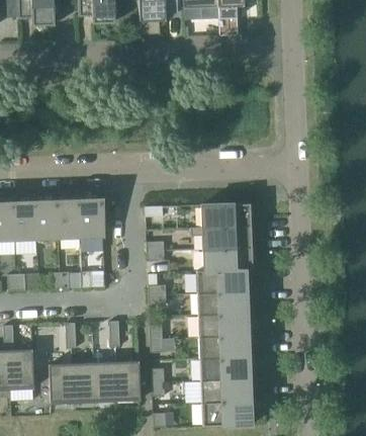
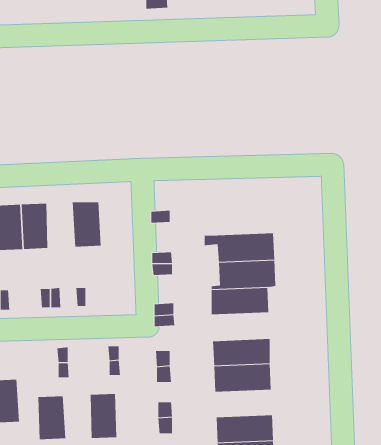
building: [58,199,81,239] -> none
building: [201,203,251,228] -> none
building: [197,293,248,318] -> none
building: [200,359,250,382] -> none
building: [116,361,141,400] -> none
building: [72,363,95,401] -> none

